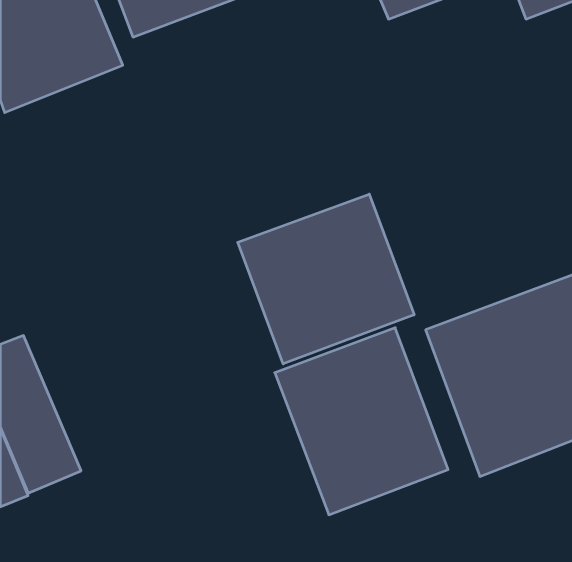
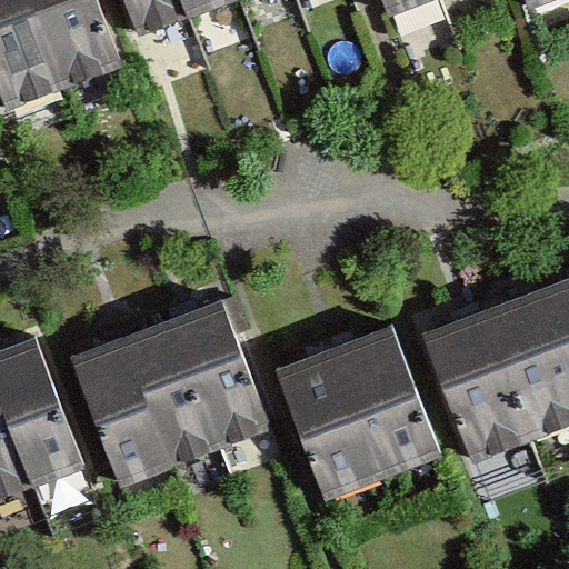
building: [238,194,414,364] -> none
building: none -> [68,297,273,498]

